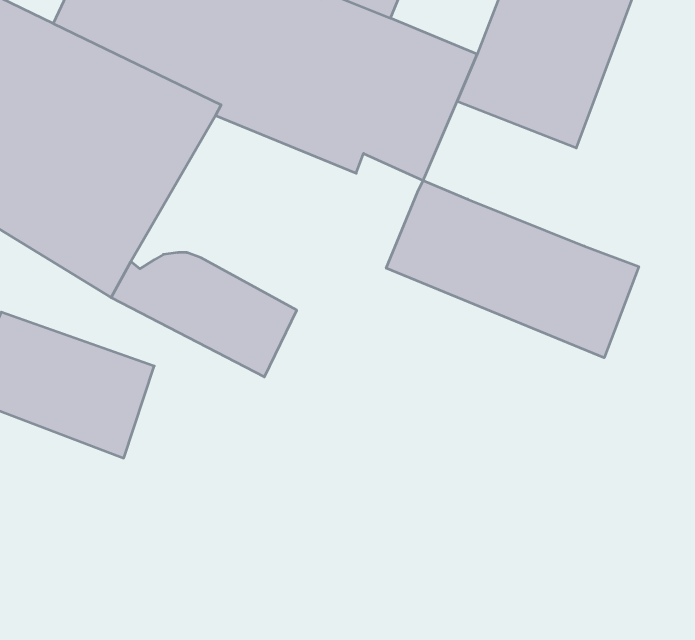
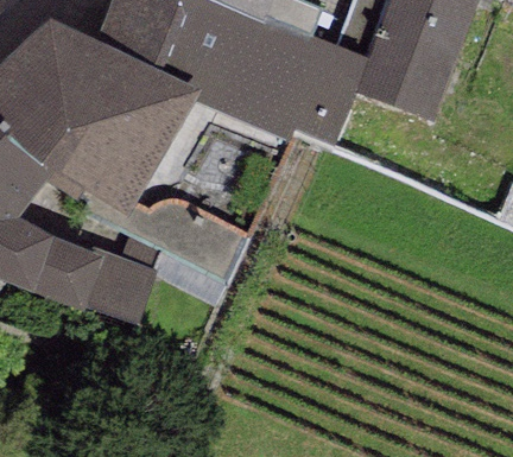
building: [386,180,639,358] -> none

